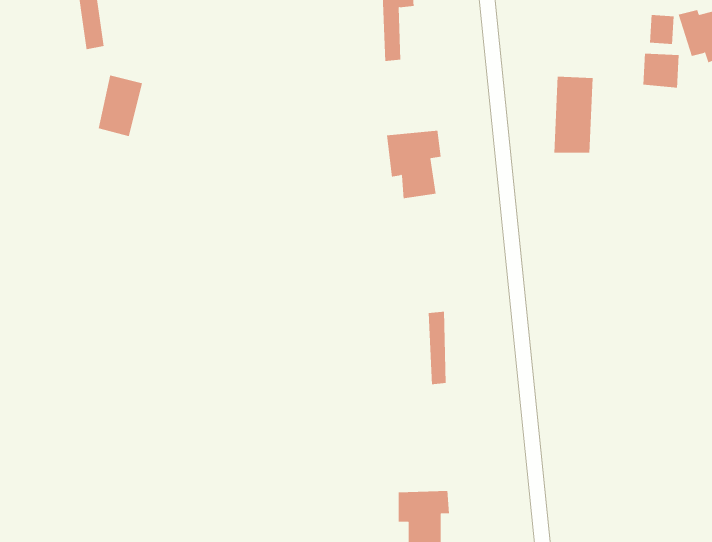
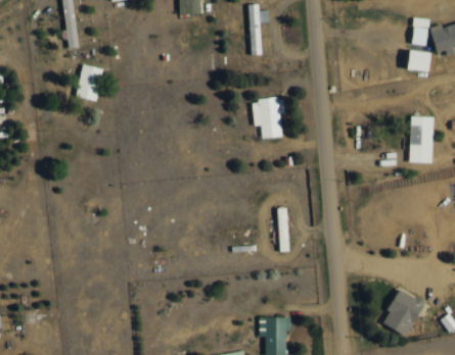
building: [553,76,594,153] -> [409,115,434,162]
building: none -> [380,289,425,337]

